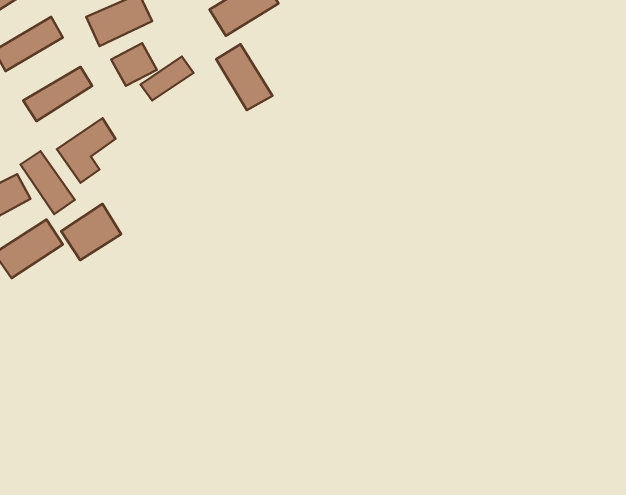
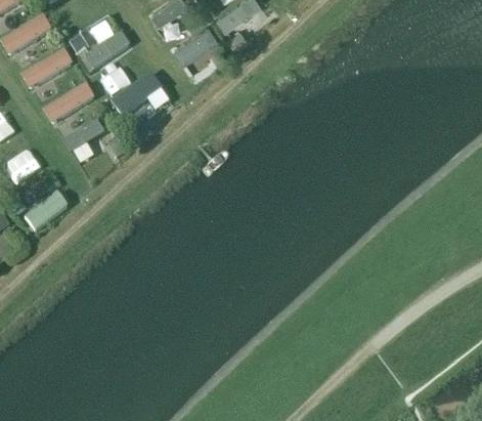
building: [216,44,273,110] -> none
building: [21,151,75,214] -> none
building: [61,204,121,260] -> none

